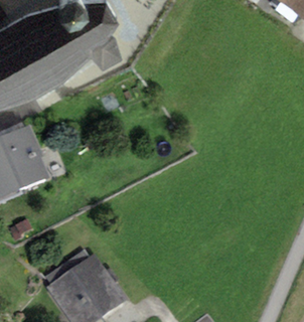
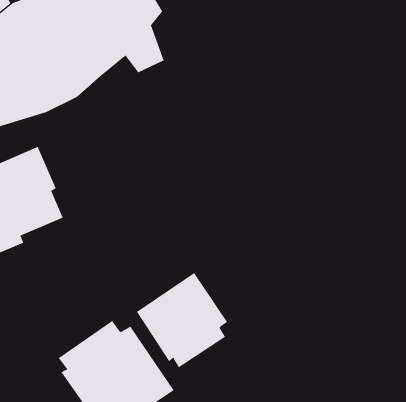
building: none -> [136,272,228,368]

